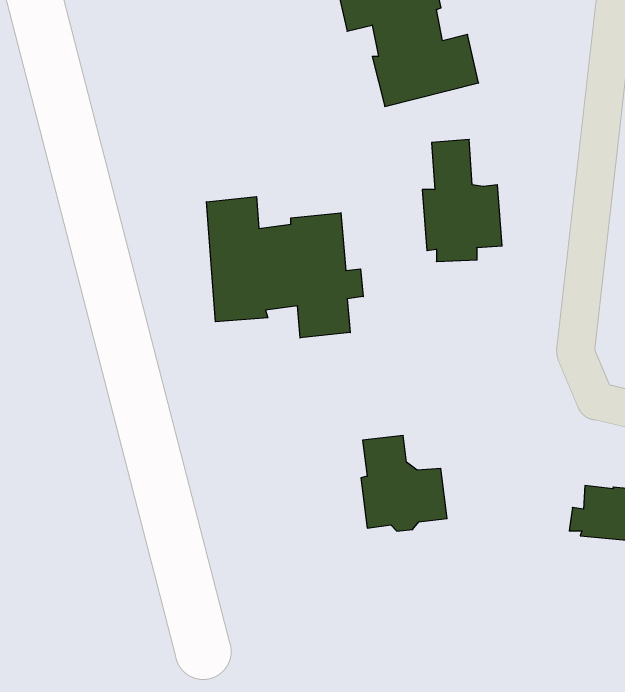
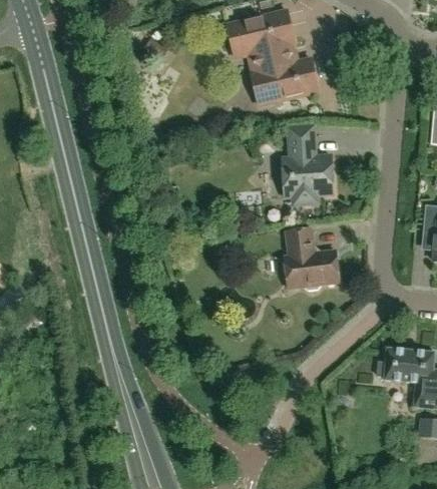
building: [206,197,363,338] -> none
building: [361,436,447,531] -> [285,228,340,290]

